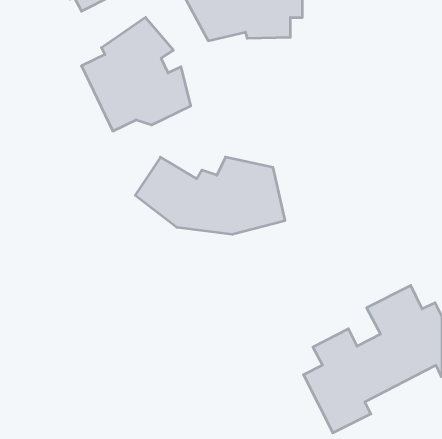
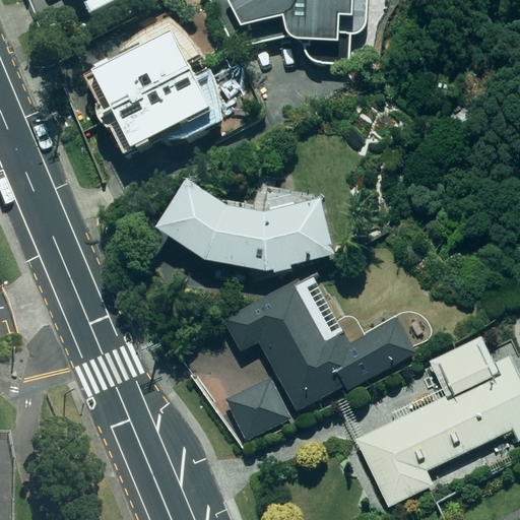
building: none -> [222,271,413,410]
building: none -> [225,376,291,441]

